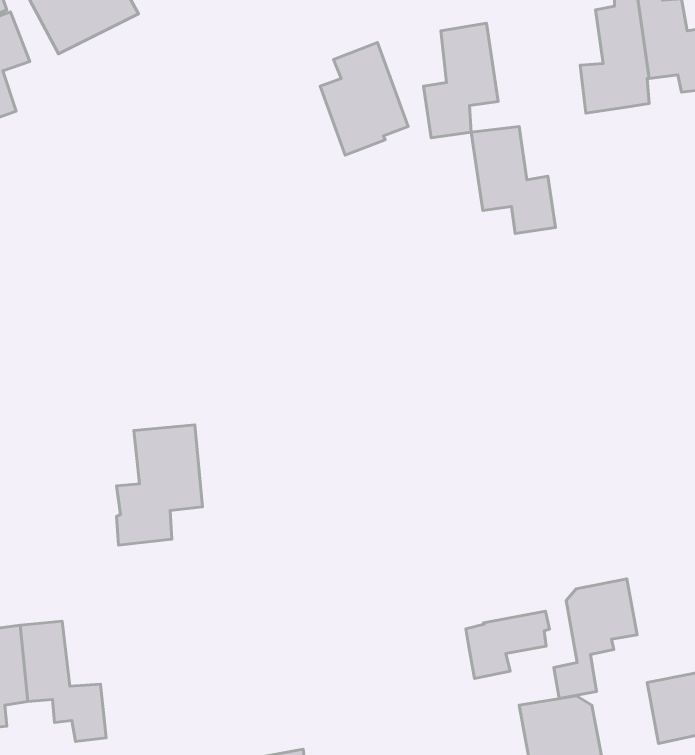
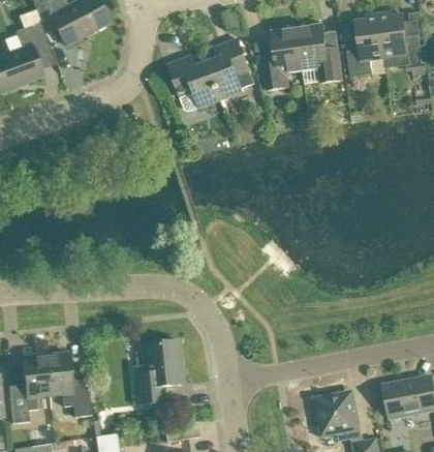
building: none -> [169,56,221,111]
building: [471,126,555,233] -> [298,25,343,83]
building: [117,425,203,545] -> [134,339,181,404]
building: [554,579,637,699] -> none
building: [466,611,550,678] -> none

